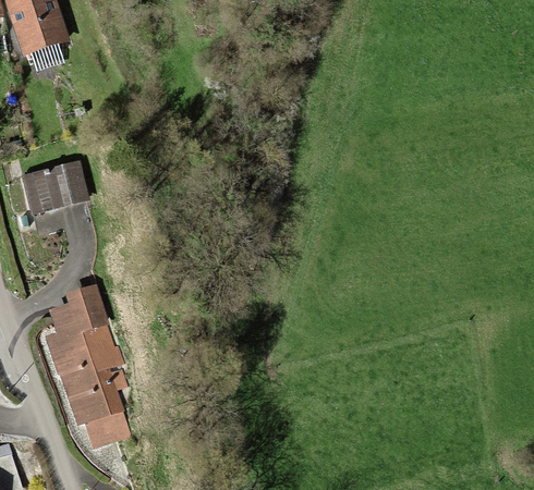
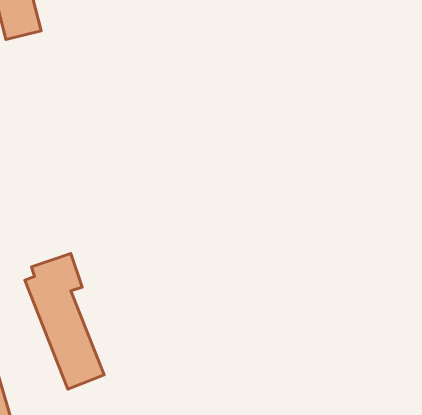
building: [29,163,89,212] -> none

